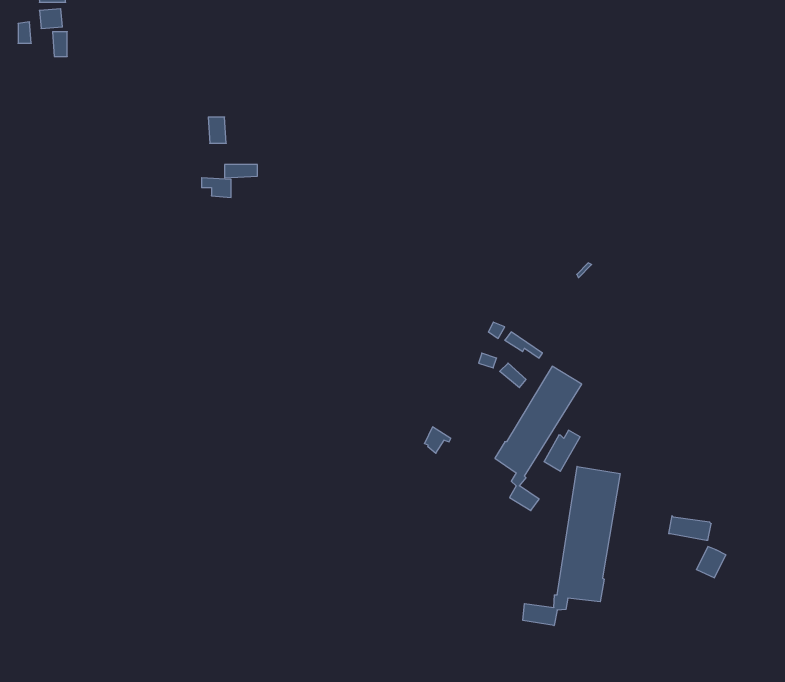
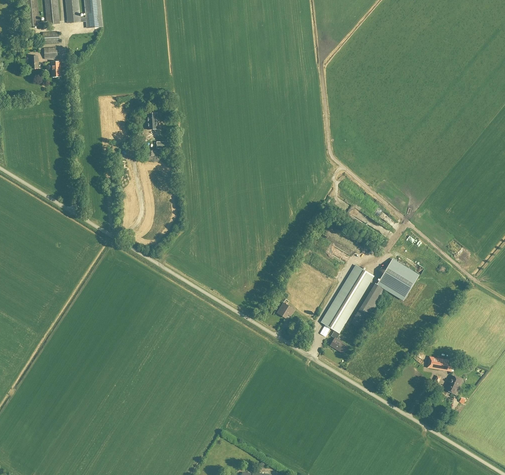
building: none -> [377,258,418,299]
building: [523,466,620,626] -> none

